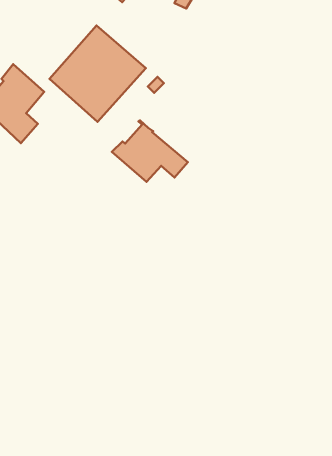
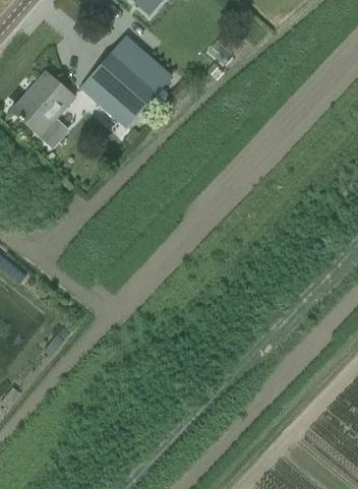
building: [112,121,188,182] -> none

